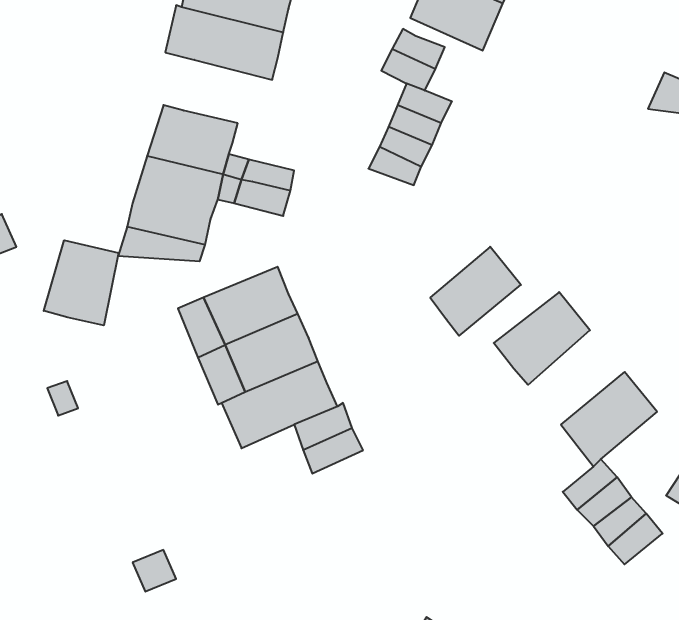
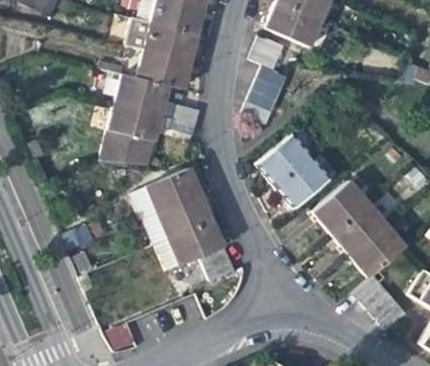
building: none -> [140,51,189,89]
building: none -> [259,133,311,183]
building: [44,240,119,325] -> none
building: none -> [332,201,385,254]

